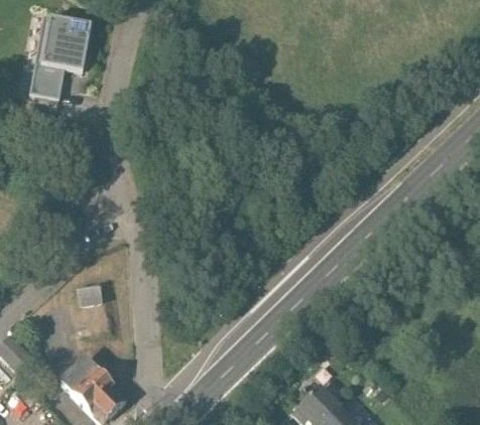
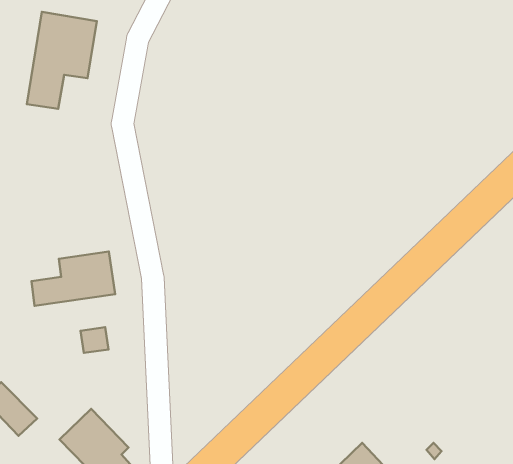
building: none -> [31,252,115,306]

